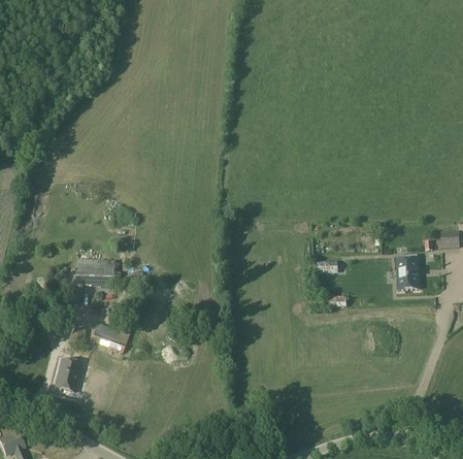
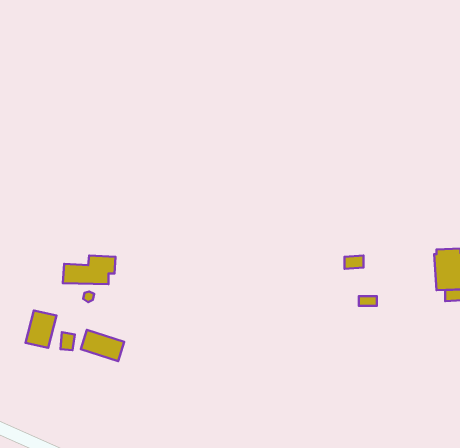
building: [55,359,81,391] -> [25,311,57,348]

